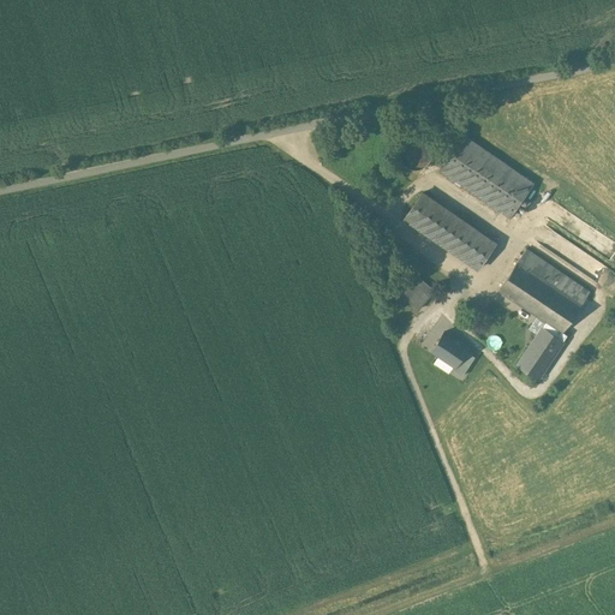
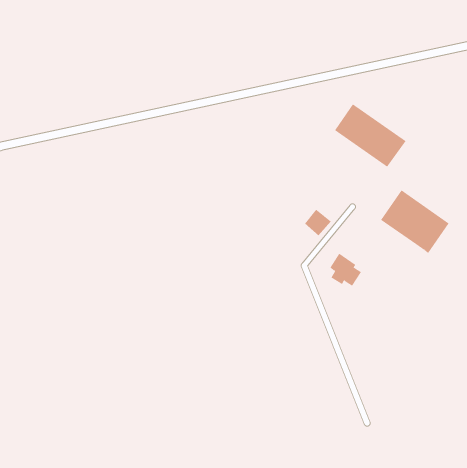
building: [405,195,495,270] -> none
building: [517,321,561,378] -> none

